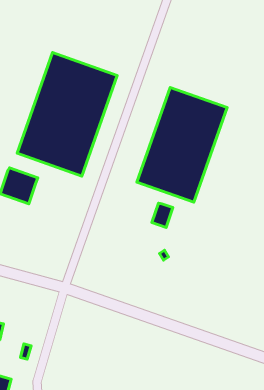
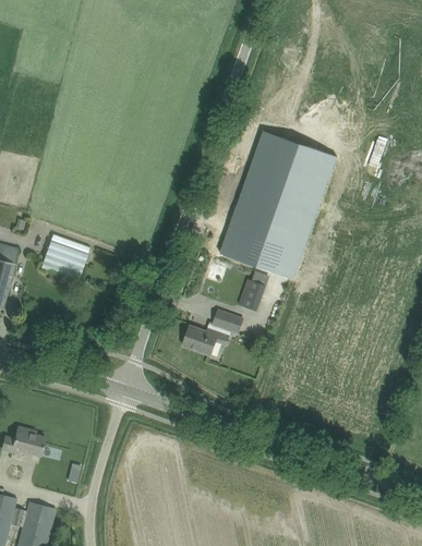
building: [17,53,117,176] -> none
building: none -> [183,311,243,355]

